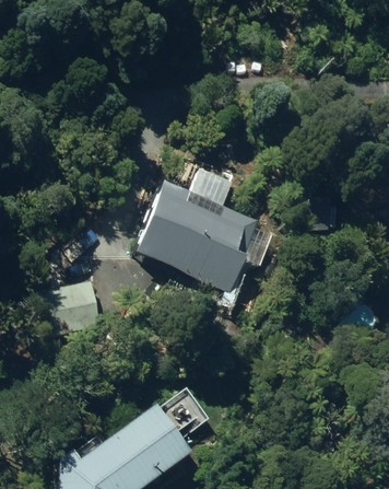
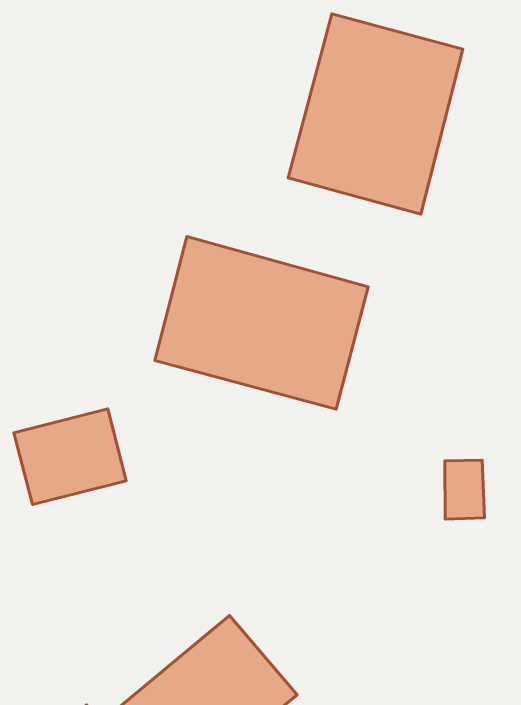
building: none -> [288,14,463,214]

